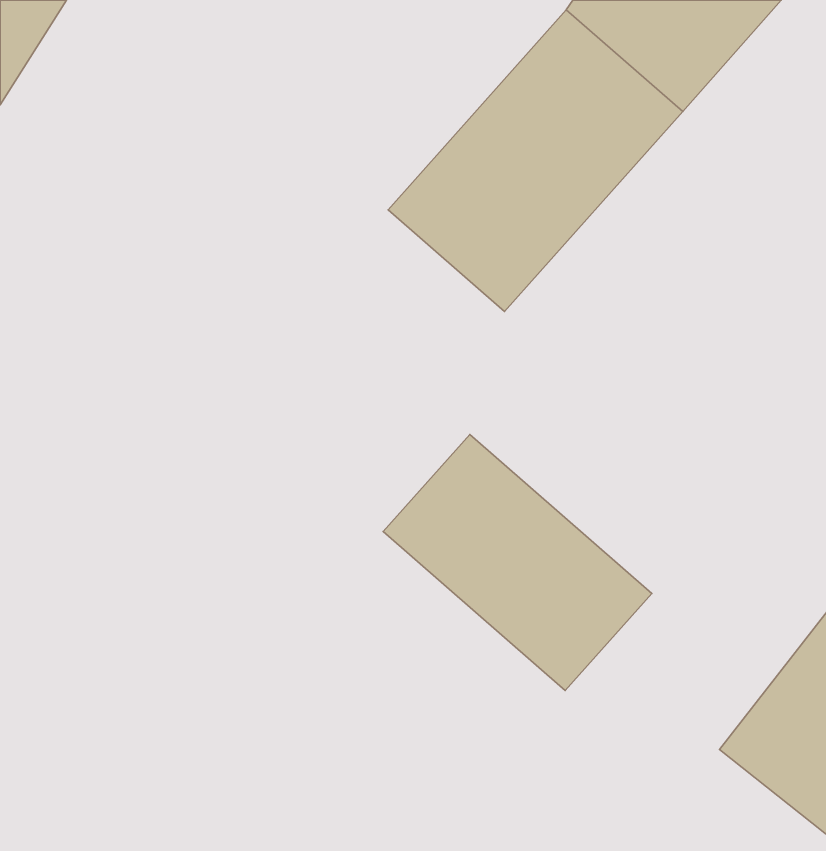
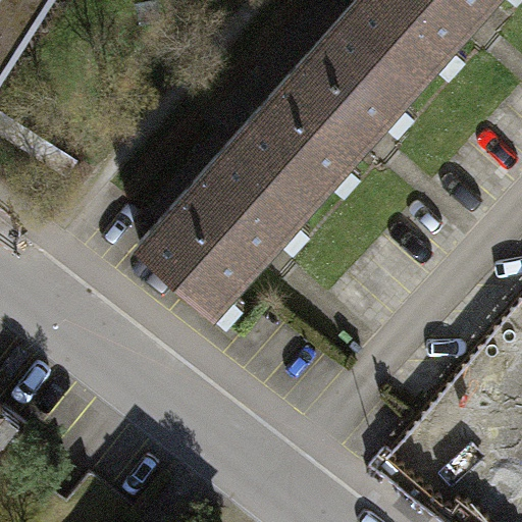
building: none -> [155,128,324,303]
building: [383,435,652,691] -> none

